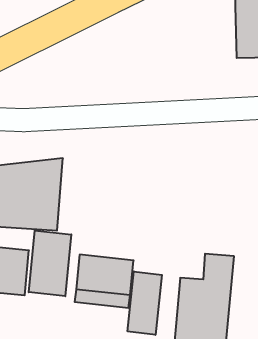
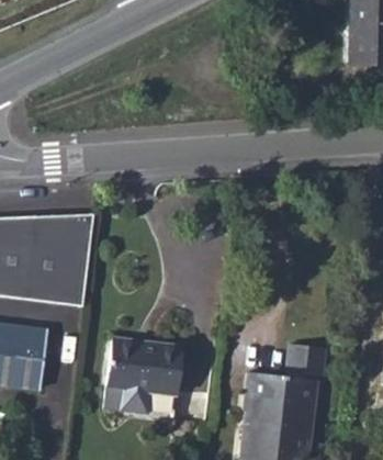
building: [29,230,71,296] -> none
building: [128,271,162,335] -> none

